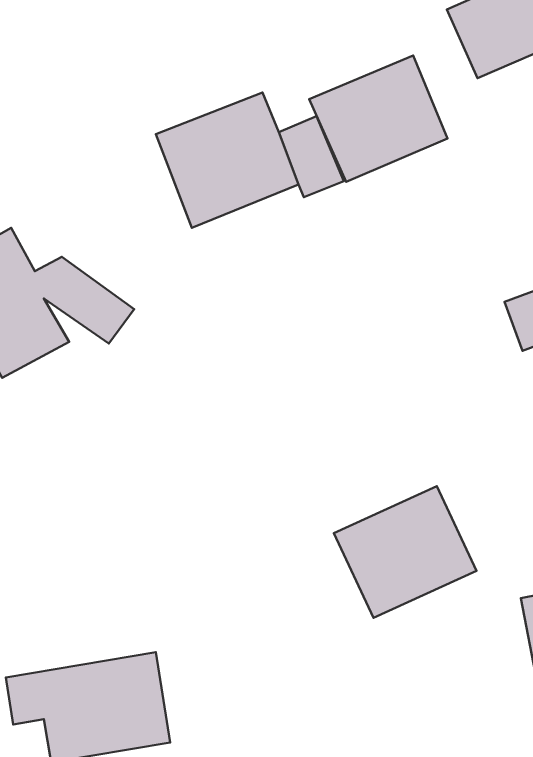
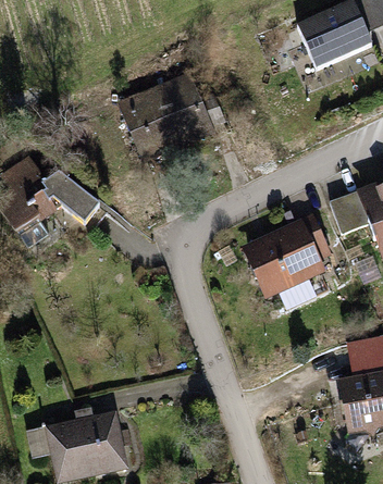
building: [309,56,447,182] -> none
building: [334,486,477,618] -> [245,214,331,294]

